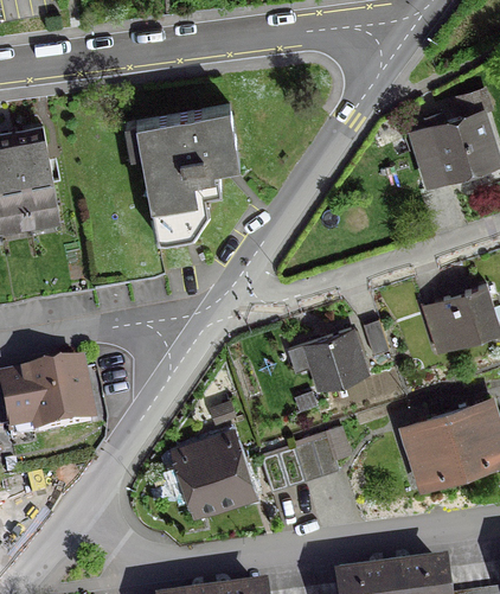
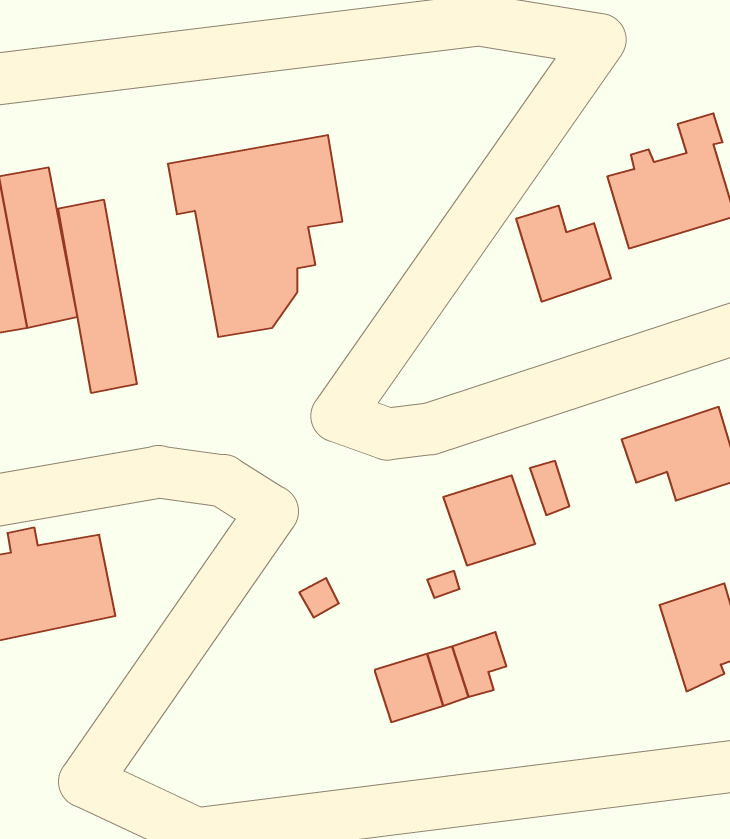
building: none -> [58,200,137,393]
building: none -> [516,206,611,302]
building: [404,414,464,475] -> none
building: [175,435,249,509] -> none

